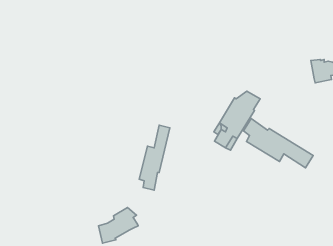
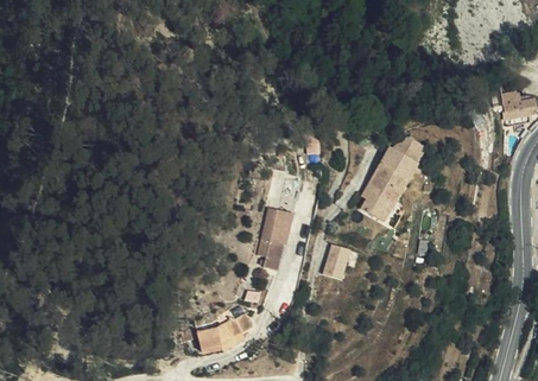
building: [244,119,313,168] -> none
building: none -> [323,240,350,275]

